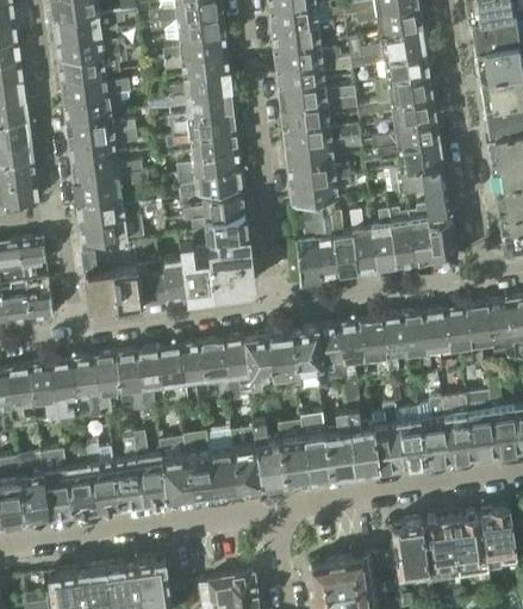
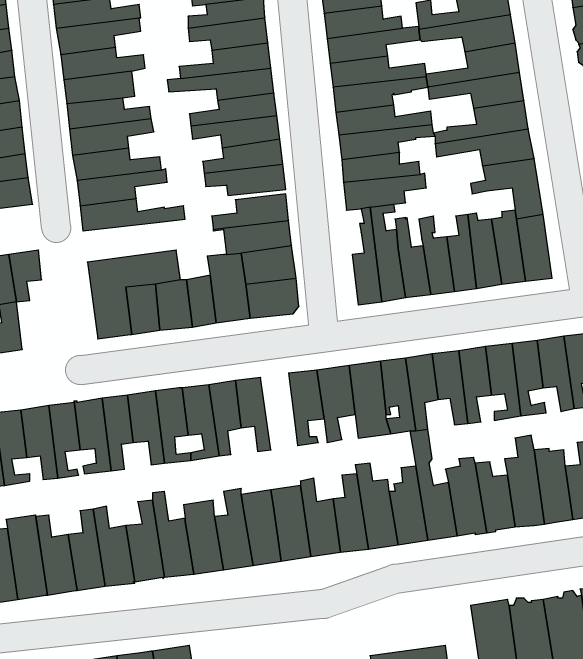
building: [80,216,143,244] -> none
building: [26,276,54,318] -> none
building: [223,337,250,399] -> none

